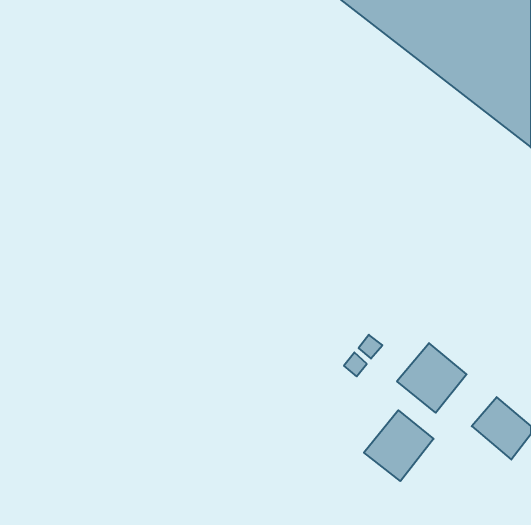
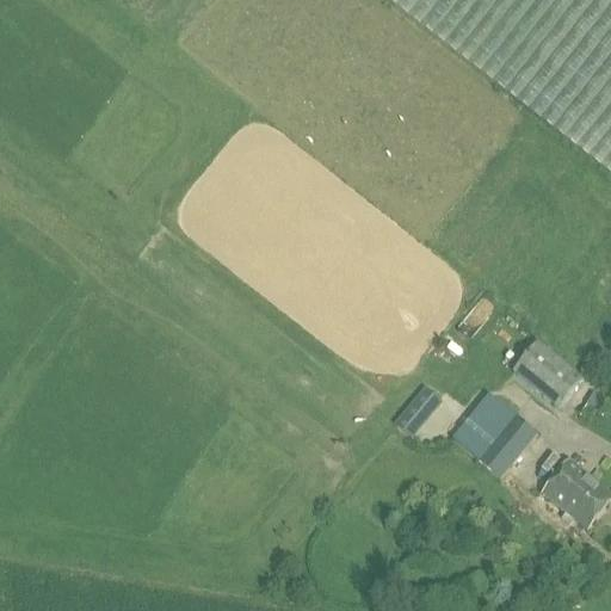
building: none -> [511,337,584,406]
building: [364,410,434,481] -> none

